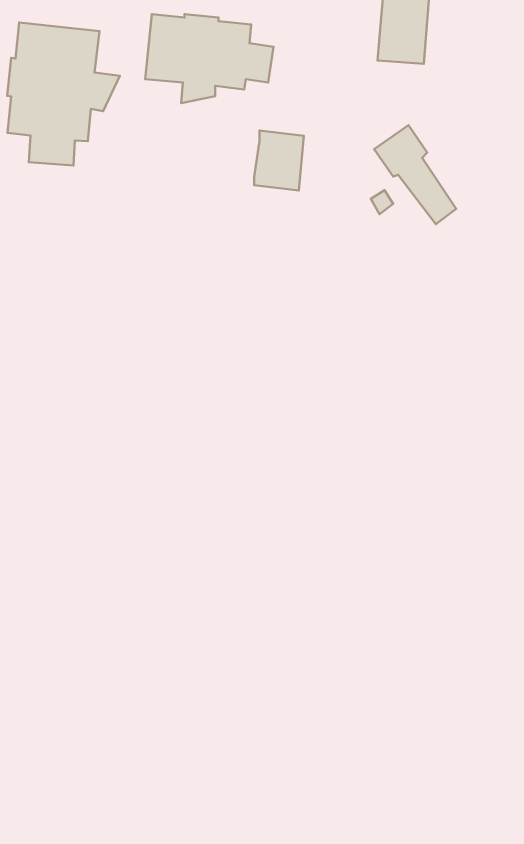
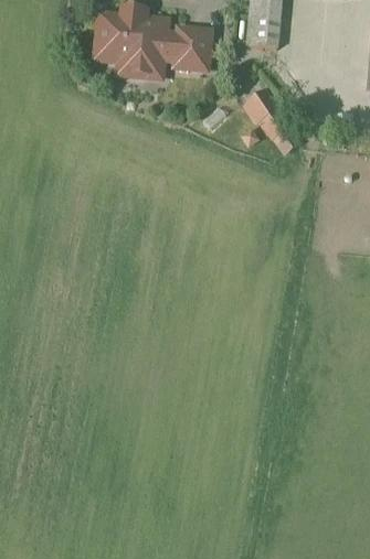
building: [7,23,120,165] -> none
building: [254,131,304,190] -> [176,30,208,68]

